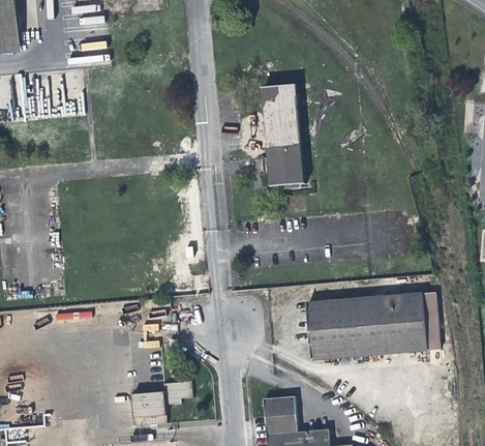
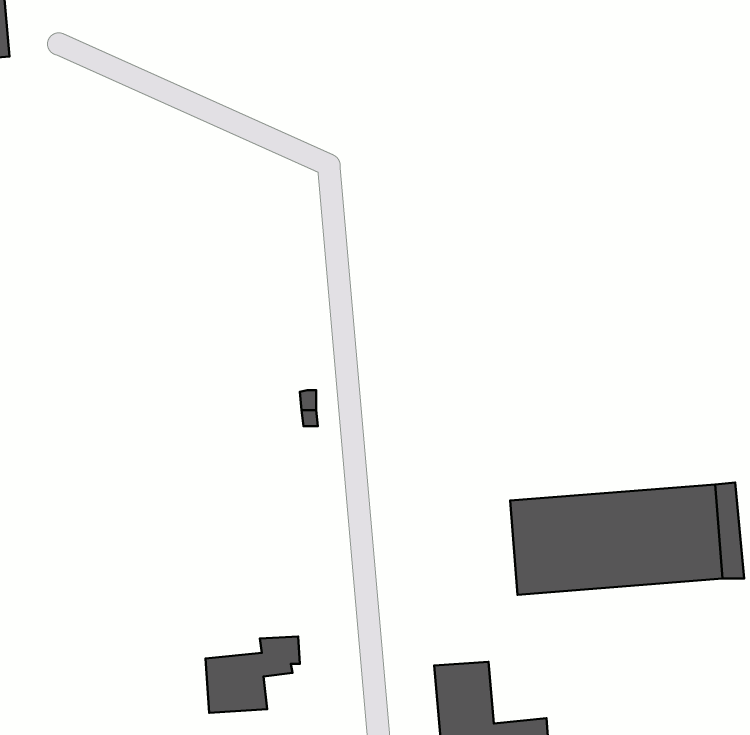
building: [259,82,300,183] -> none

